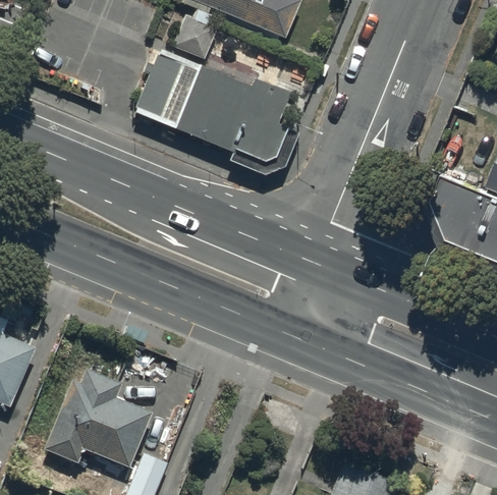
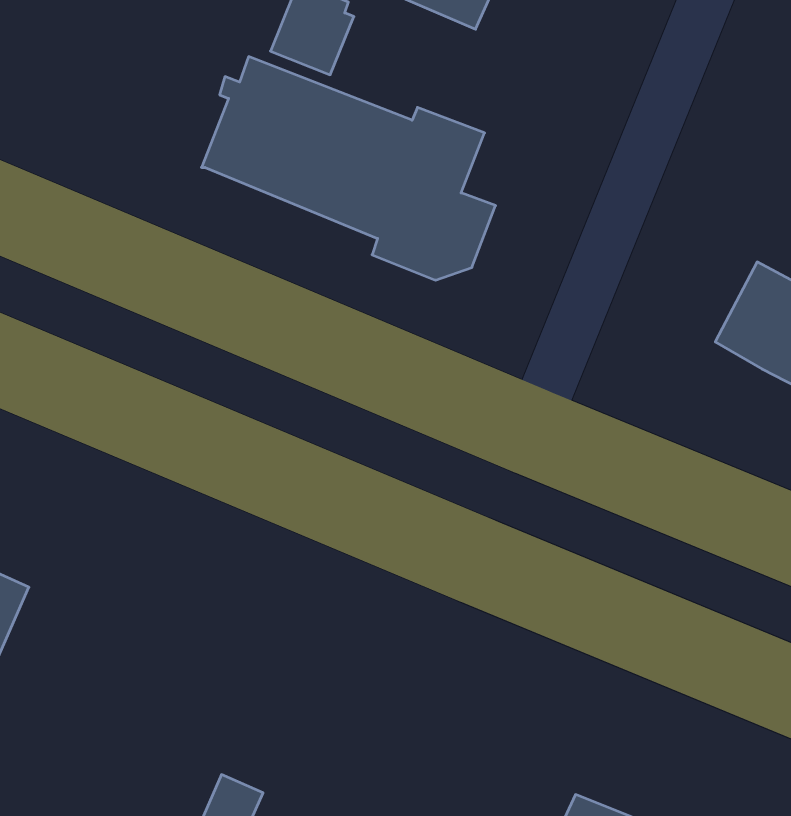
building: [44,370,150,468] -> none

